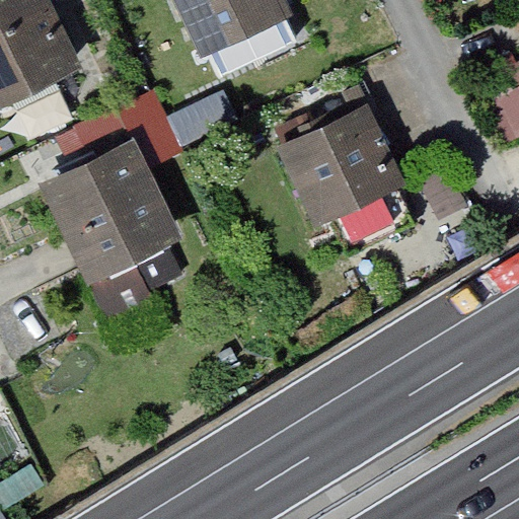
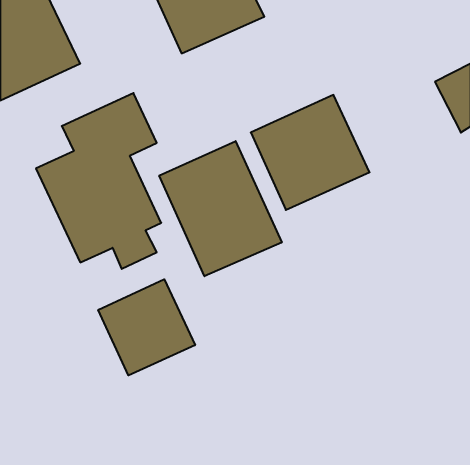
building: none -> [159,141,282,276]
building: none -> [98,279,195,375]

